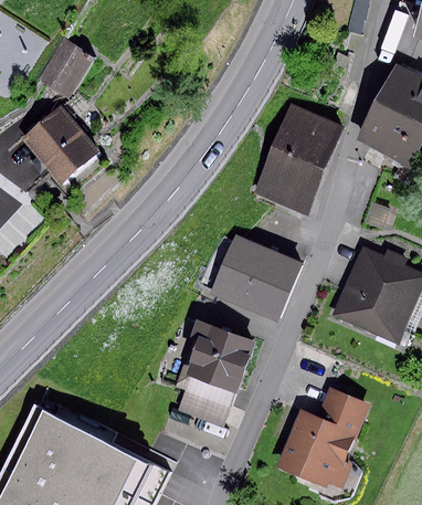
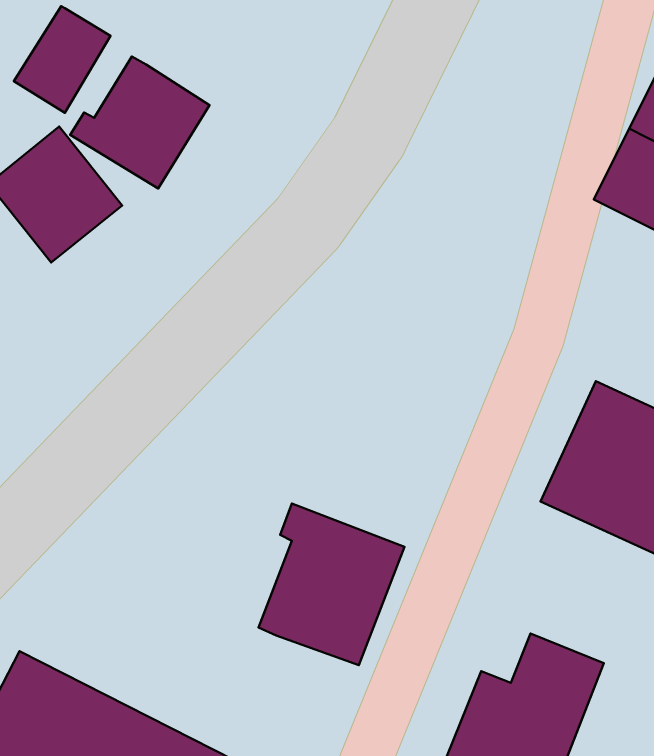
building: none -> [70,56,209,189]
building: [255,108,341,215] -> none
building: [209,234,299,322] -> none
building: [177,390,231,429] -> none

